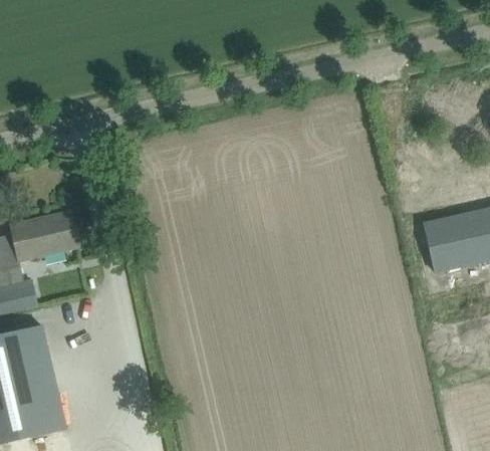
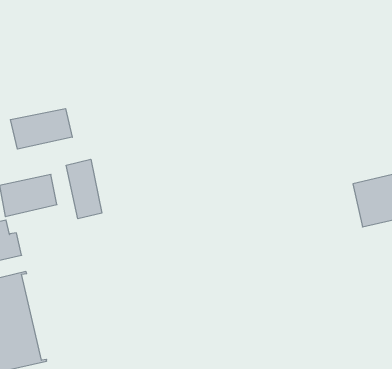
building: none -> [10,109,72,149]
building: none -> [66,159,102,219]

